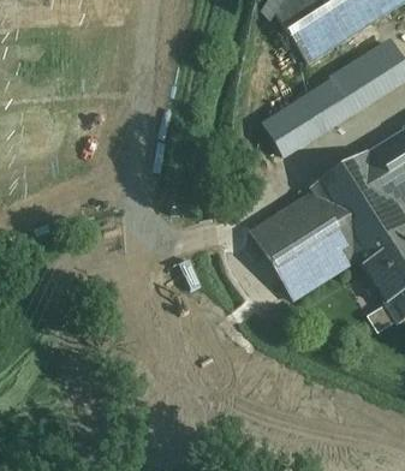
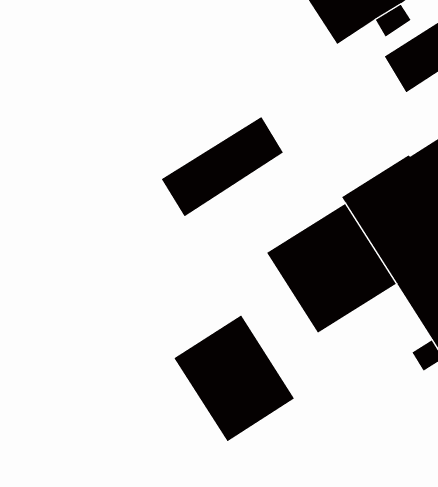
building: [263,71,364,154] -> [161,116,284,217]
building: none -> [174,314,295,442]

